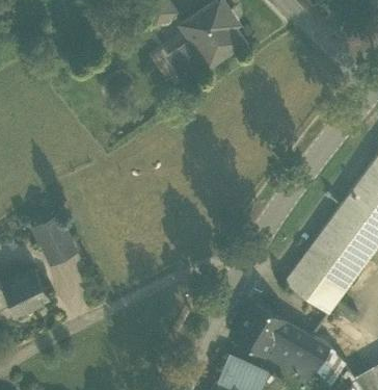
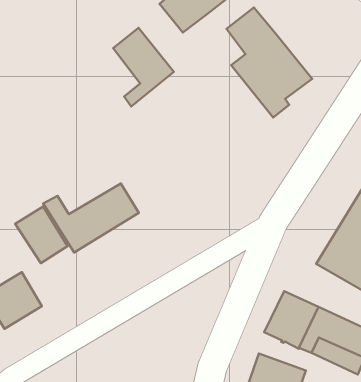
building: none -> [226,8,312,118]
building: none -> [113,28,174,107]
building: none -> [43,184,139,253]

